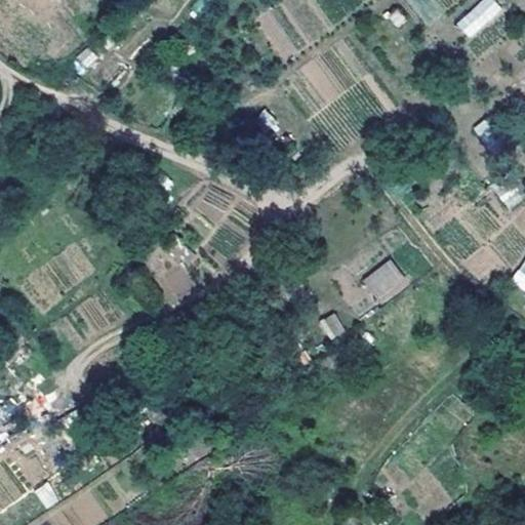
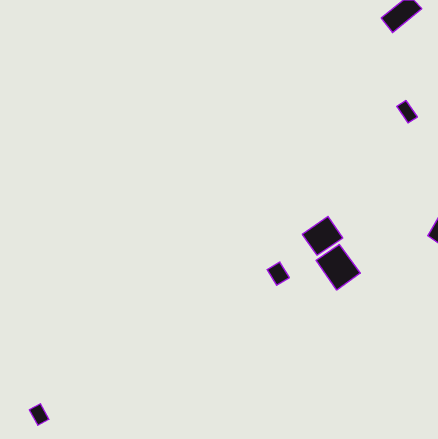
building: none -> [316,244,360,290]

